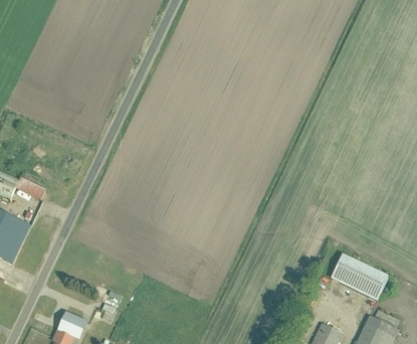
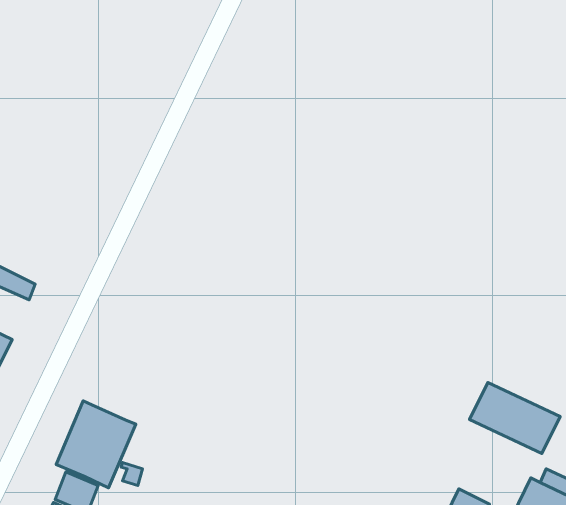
building: none -> [56,401,136,488]

